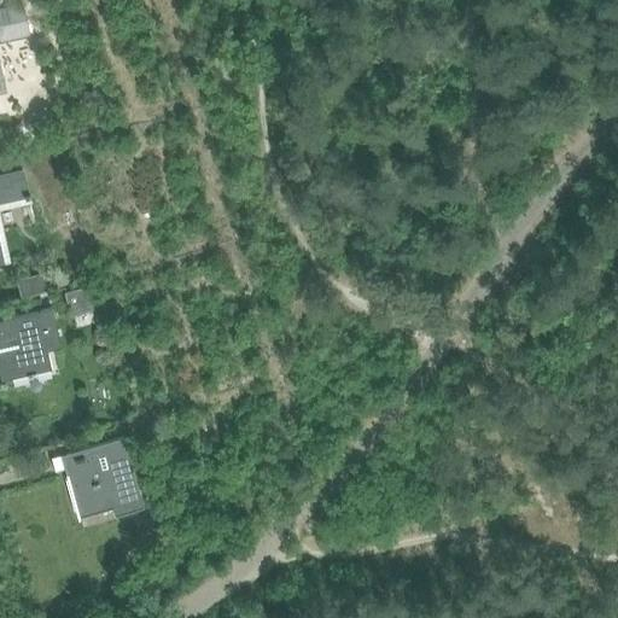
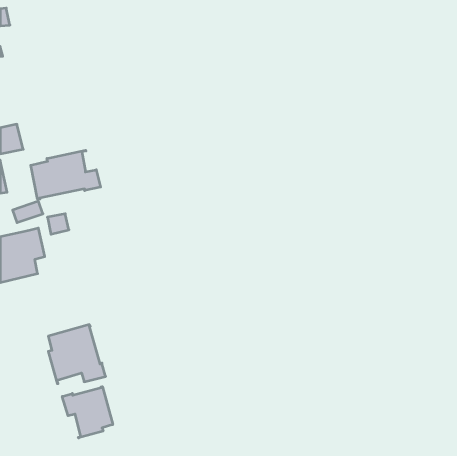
building: none -> [31,150,101,199]
building: none -> [62,387,113,438]

